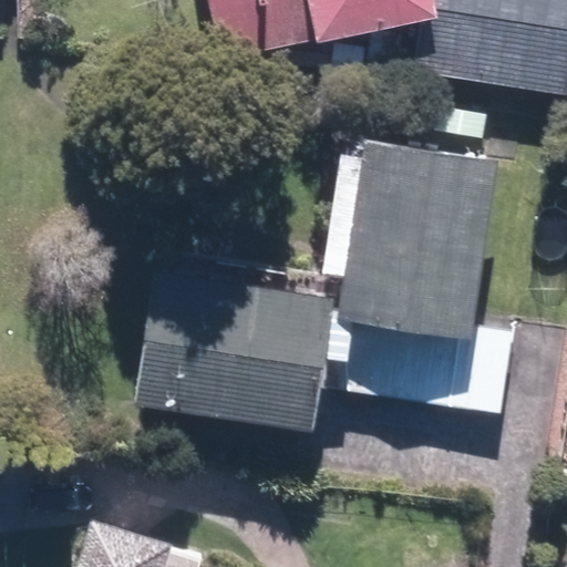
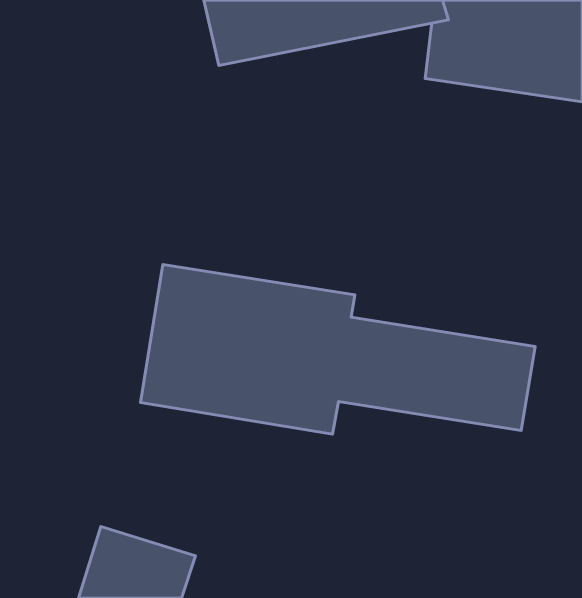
building: [342,122,503,320] -> none

